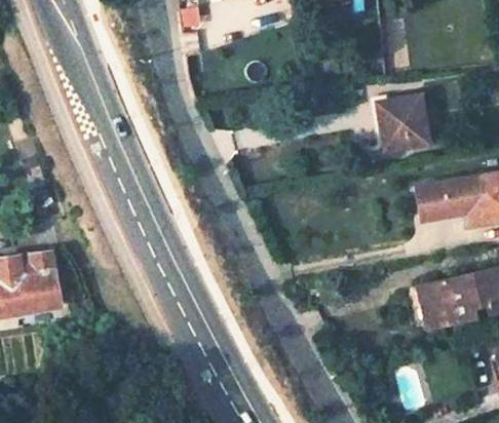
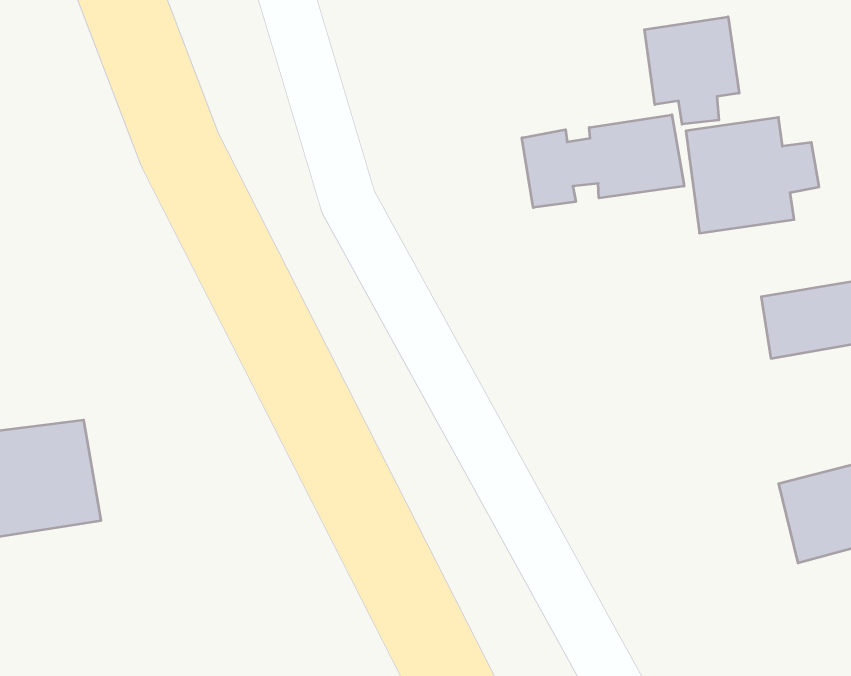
building: none -> [644,17,739,124]
building: none -> [522,115,684,208]

